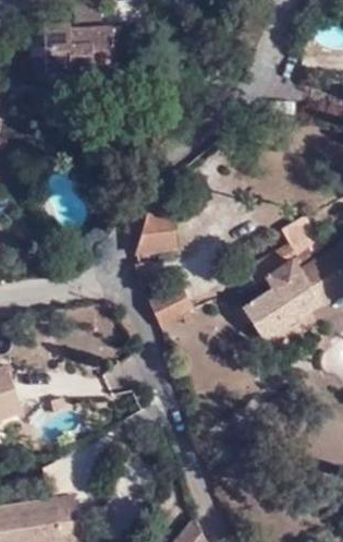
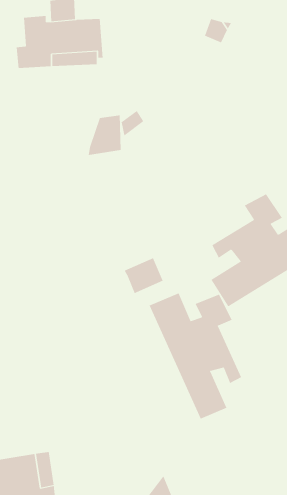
building: [139,212,175,255] -> [88,115,122,155]
building: none -> [149,292,242,420]

